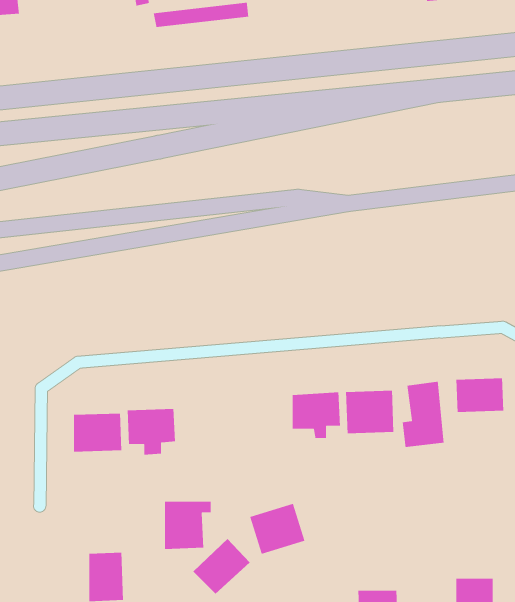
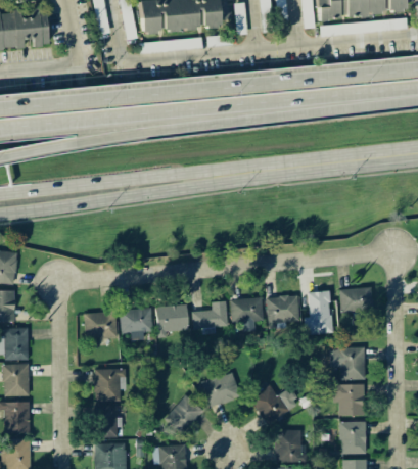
building: none -> [193,301,228,328]
building: none -> [156,304,189,334]
building: none -> [338,347,366,380]
building: [164,501,212,550] -> [95,369,127,402]
building: none -> [333,384,363,416]
building: none -> [251,386,297,424]

